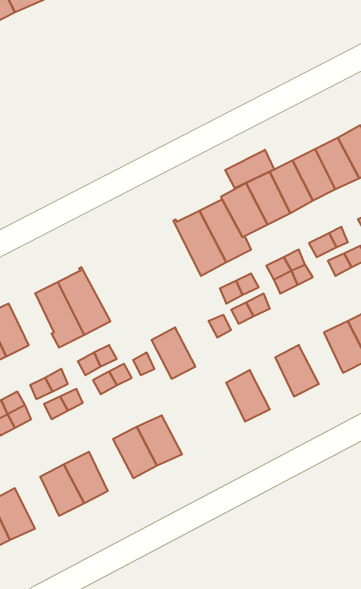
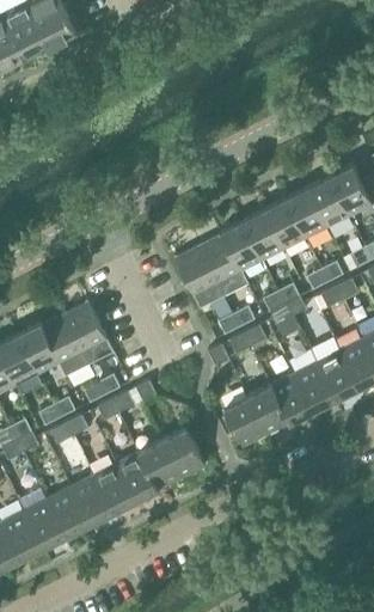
building: [225,150,274,188] -> none
building: none -> [17,323,60,374]
building: [151,327,195,379] -> [163,429,204,478]
building: none -> [293,362,335,411]
building: none -> [246,386,288,435]
building: none -> [93,464,135,513]
building: none -> [23,500,65,549]

